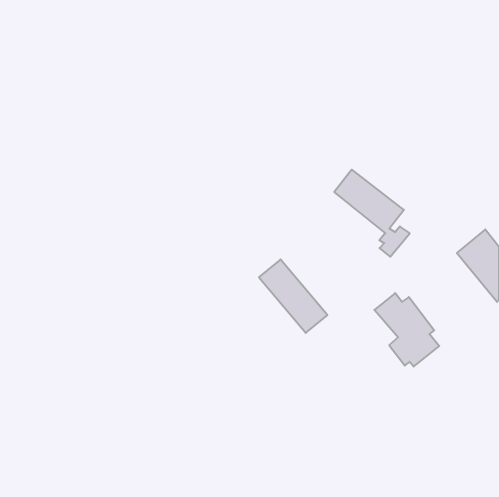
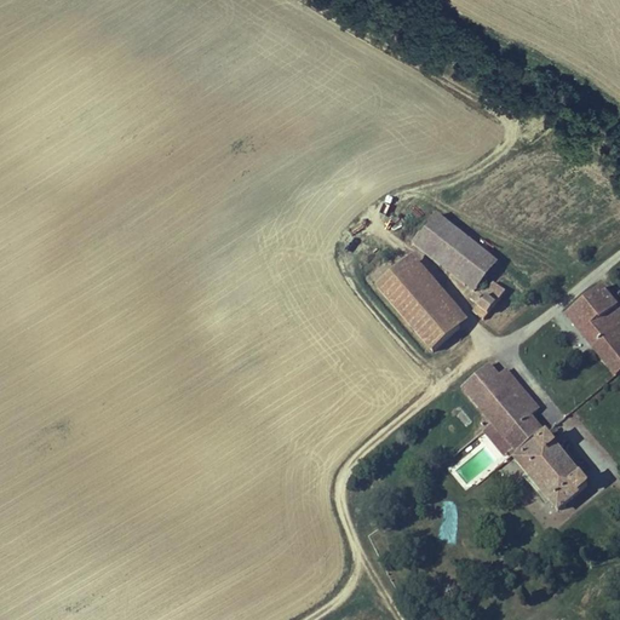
building: [259,259,327,333] -> [375,257,460,348]
building: none -> [517,431,587,506]

